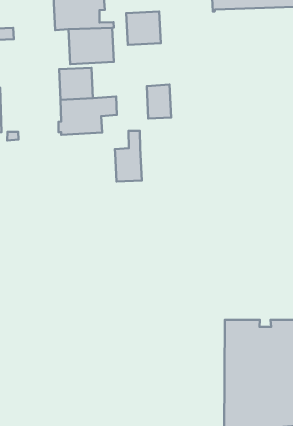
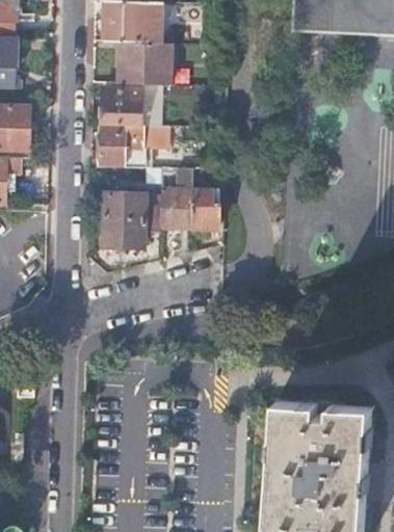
building: [126,12,161,45] -> none
building: [147,84,171,118] -> [190,188,218,228]
building: none -> [102,191,161,246]

